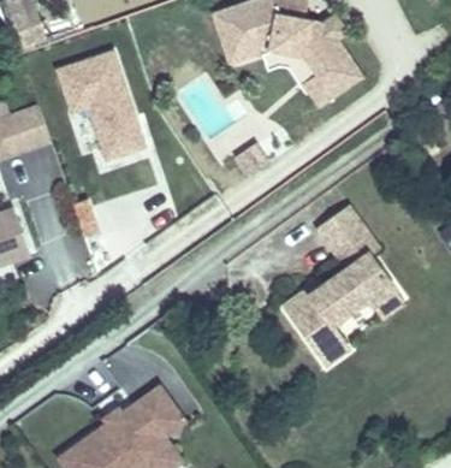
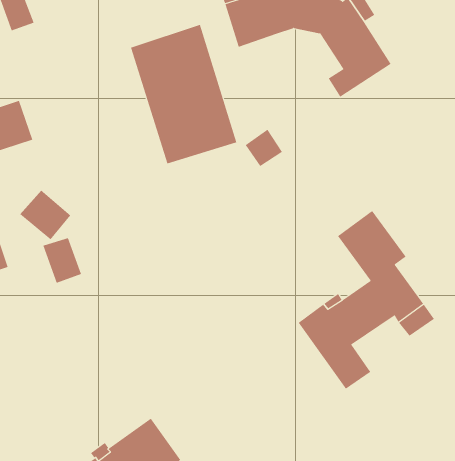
building: [265,46,322,93] -> none
building: [53,47,148,171] -> [130,24,237,164]

